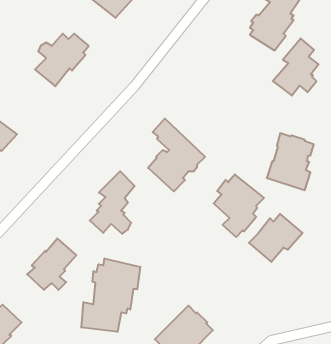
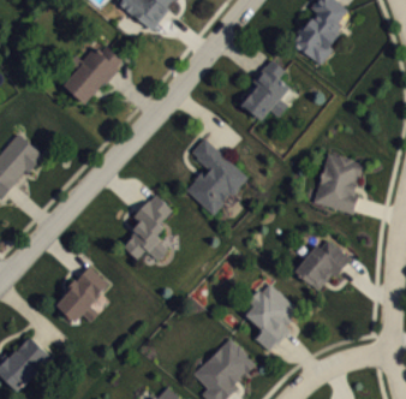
building: [273,38,319,96] -> [240,59,289,120]
building: [214,174,264,237] -> [245,284,299,351]
building: [81,258,140,332] -> none

